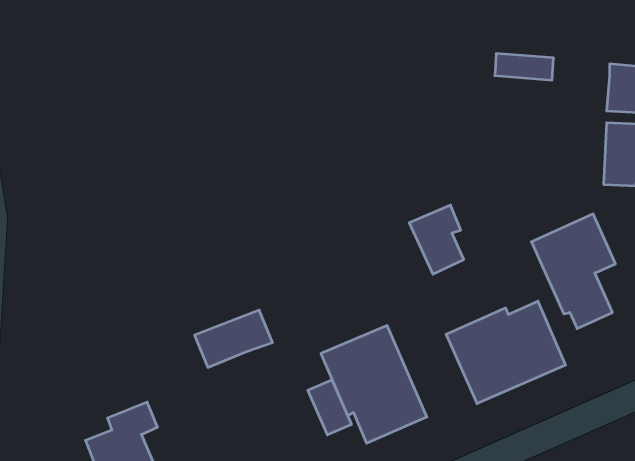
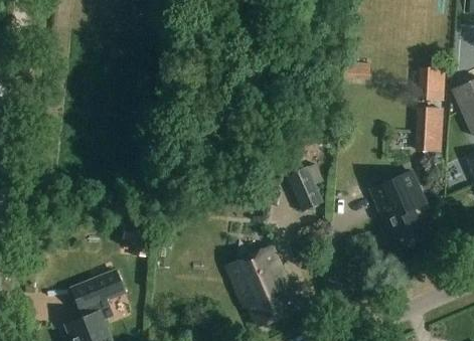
building: [446,301,566,404] -> none
building: [195,310,273,367] -> [71,271,125,310]
building: [308,380,351,435] -> none

